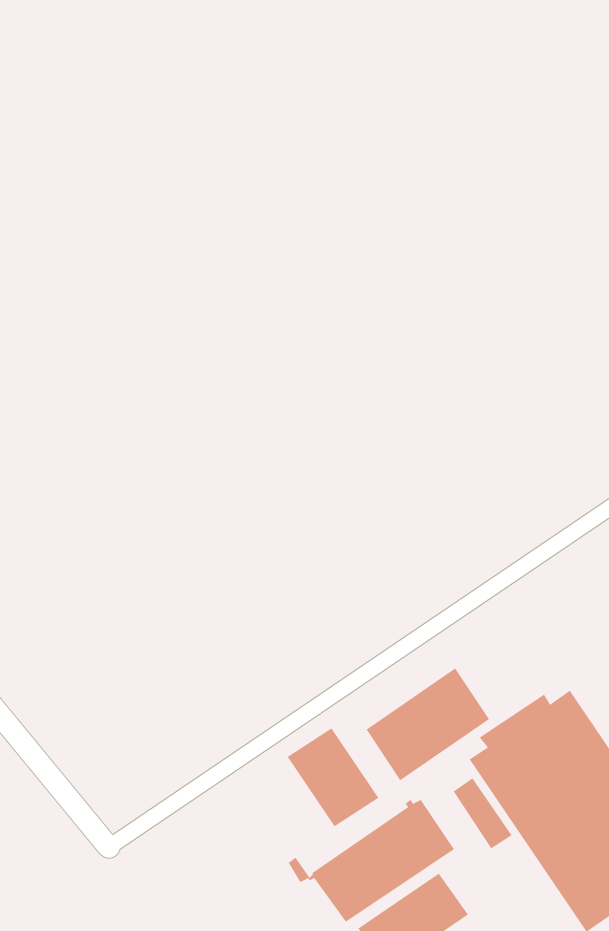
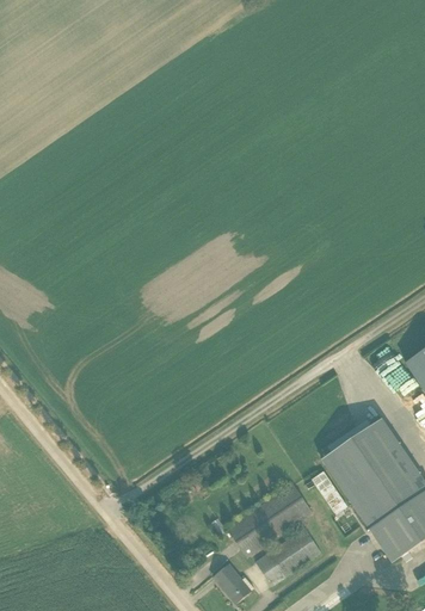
building: [366,667,490,781] -> none
building: [287,728,379,827] -> none

